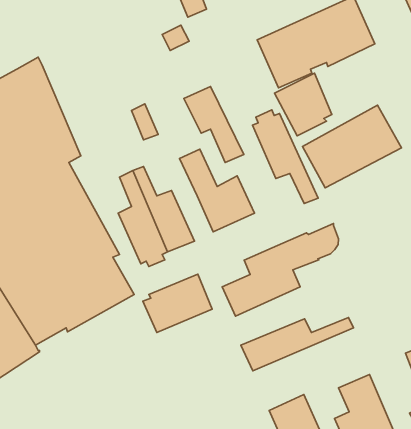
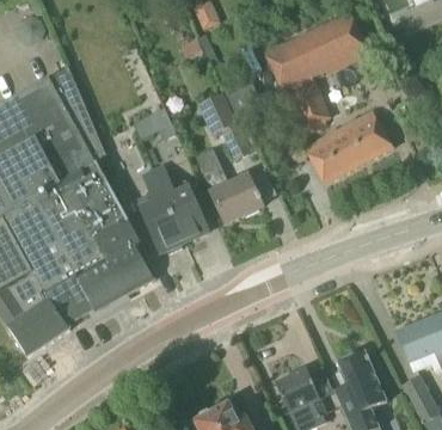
building: [253,110,318,204] -> none
building: [222,224,338,316] -> none
building: [143,274,212,333] -> none
building: [241,318,353,371] -> none

